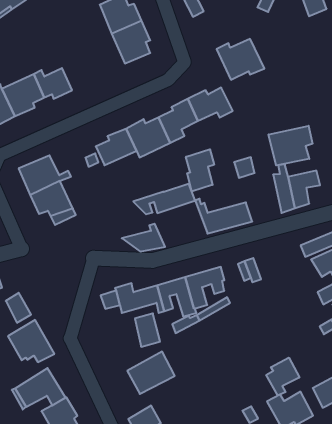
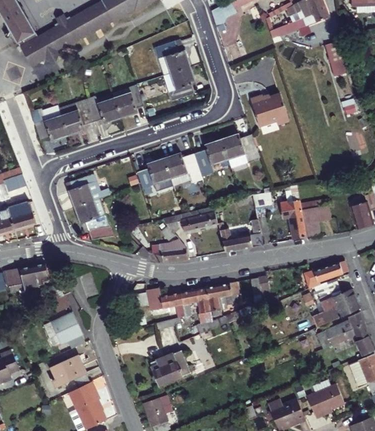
building: none -> [114,85,144,117]
building: [269,126,313,165] -> none
building: [186,149,214,191] -> none
building: [266,358,299,396] -> none

